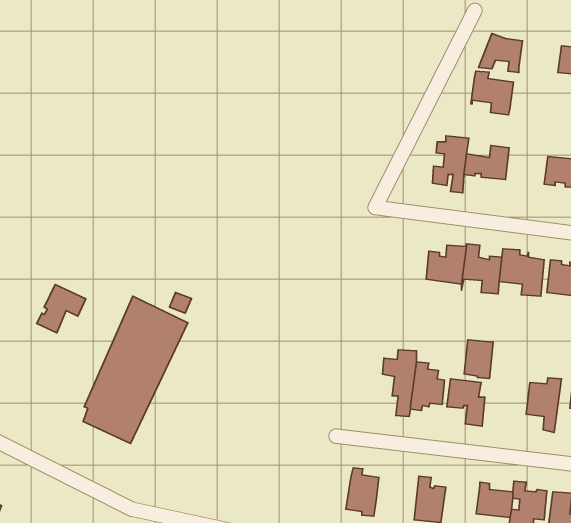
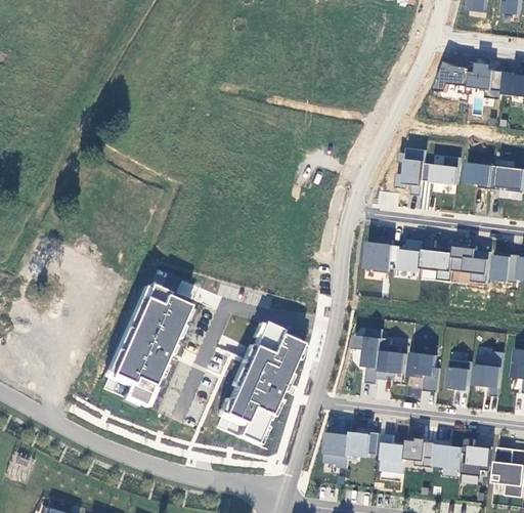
building: [471,71,513,115] -> [469,62,505,99]
building: none -> [466,163,493,189]
building: none -> [365,239,394,273]
building: [37,285,86,333] -> none
building: [464,340,493,379] -> [447,359,472,392]
building: none -> [216,322,304,445]
building: none -> [349,431,380,457]
building: none -> [405,434,436,467]

